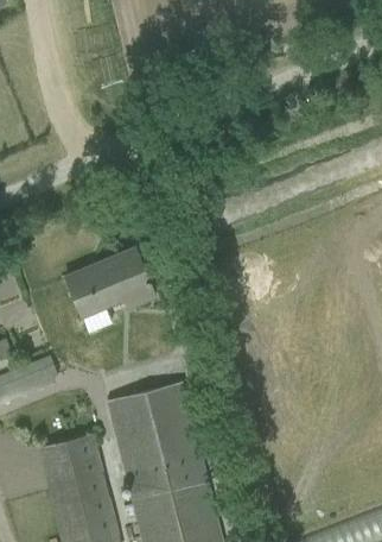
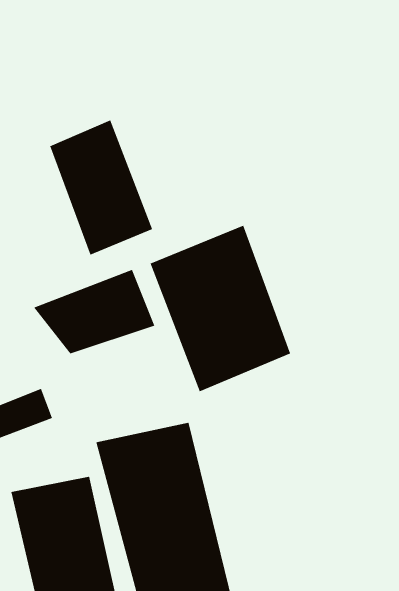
building: none -> [49,119,153,255]
building: none -> [150,225,291,392]

